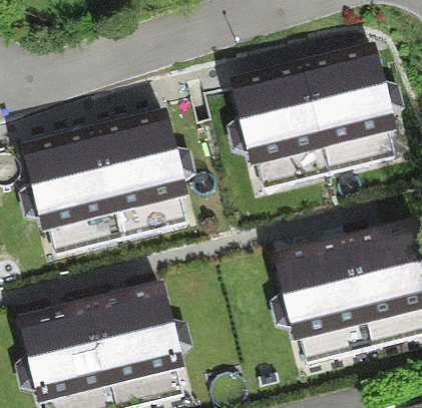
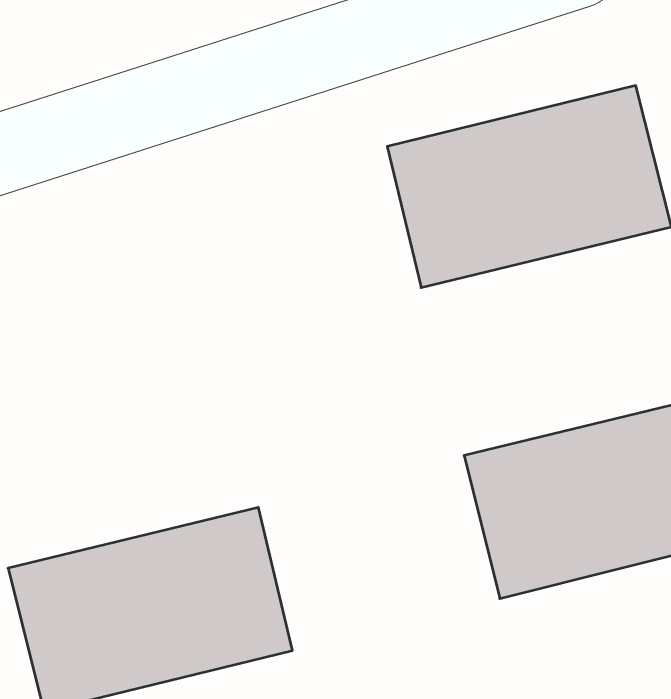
building: [25,112,184,226] -> none

